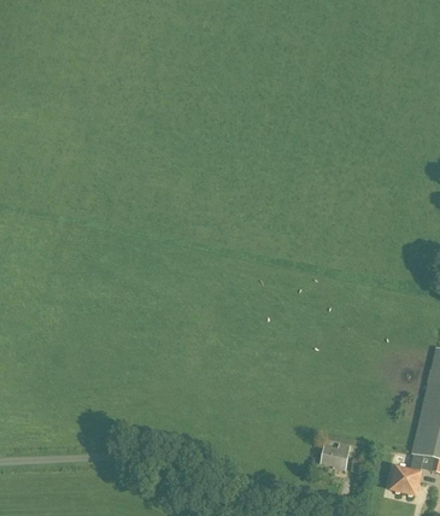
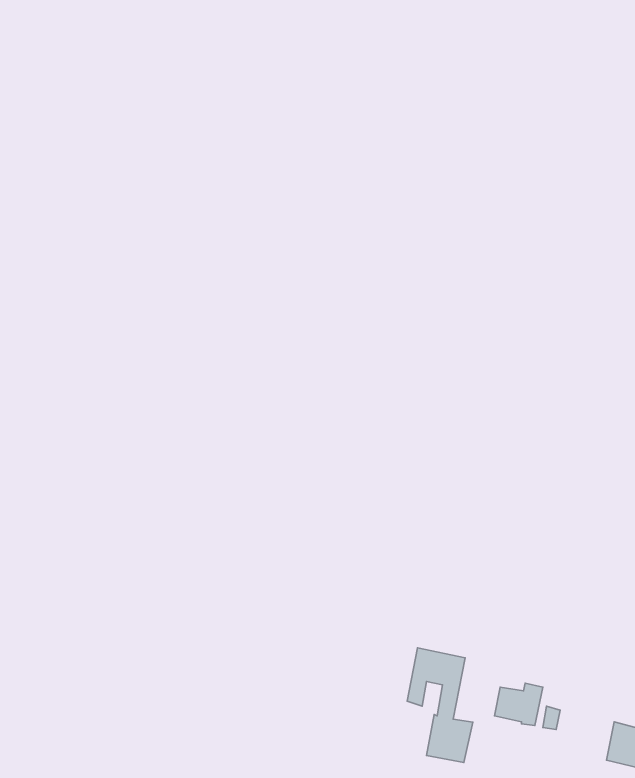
building: none -> [407,648,473,763]

